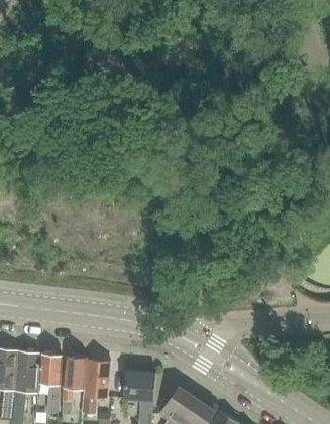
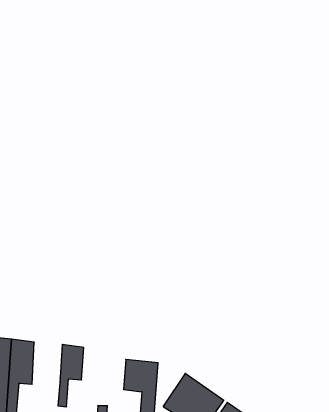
building: [37,355,61,413] -> none
building: [81,360,109,415] -> none

